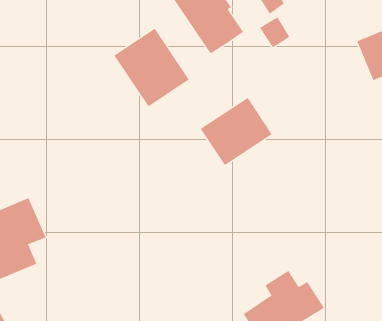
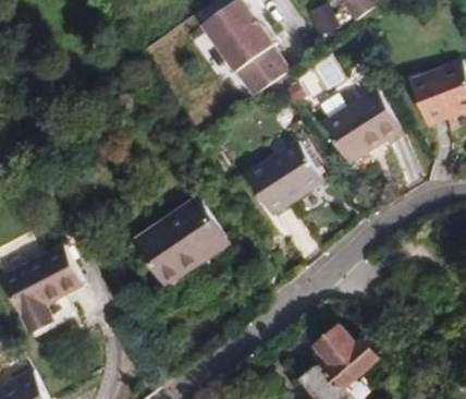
building: [114,28,190,107] -> none
building: none -> [324,88,402,162]
building: none -> [136,198,229,281]

